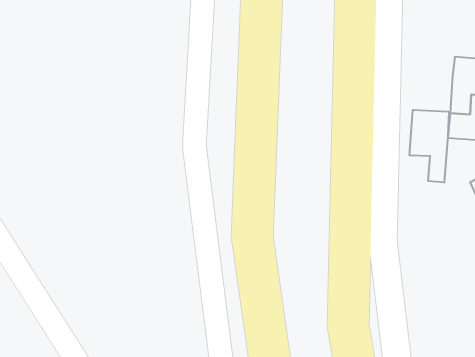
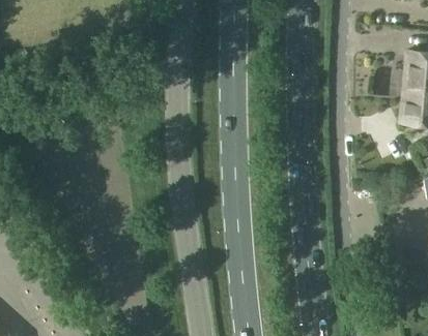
building: [409,110,449,183] -> none

